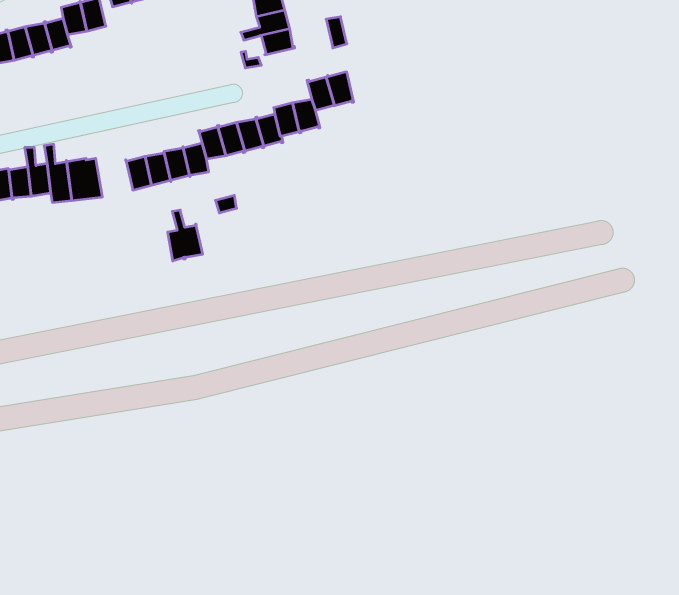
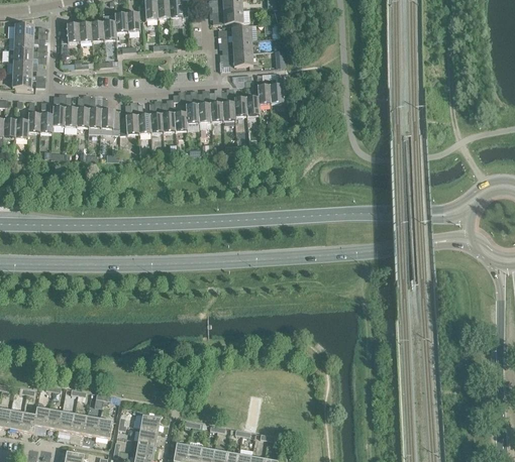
building: [168,210,203,261] -> [119,103,138,133]

